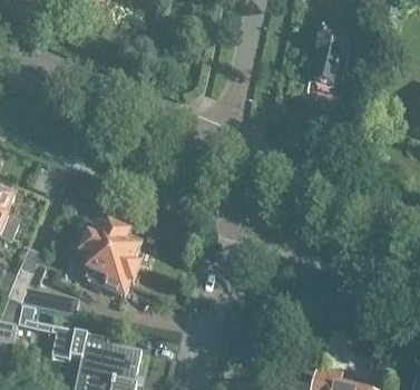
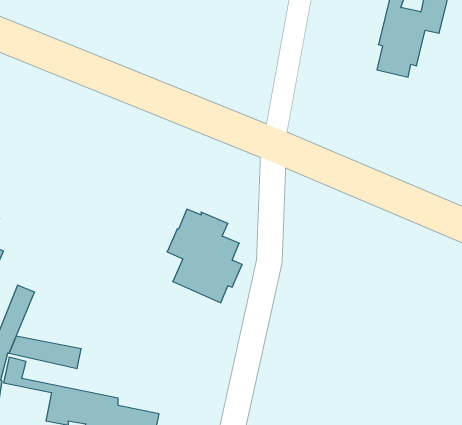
building: [80,222,139,295] -> [167,209,242,303]

